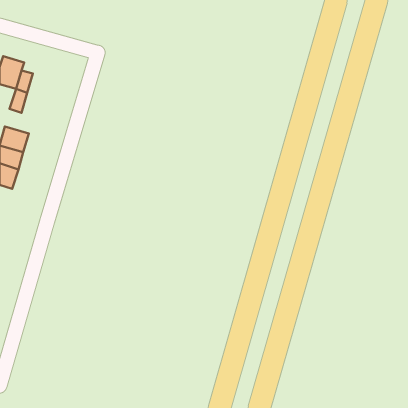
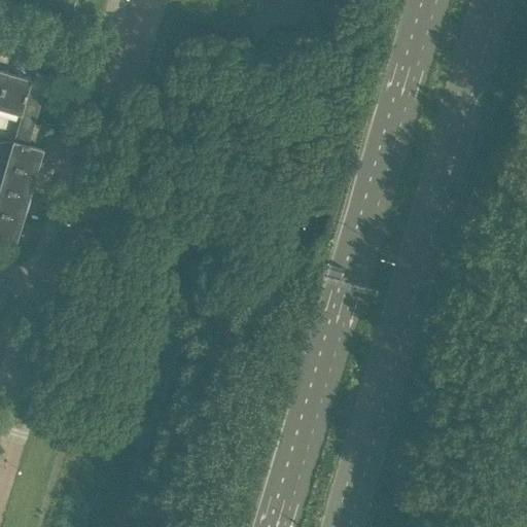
building: none -> [6,141,43,173]

